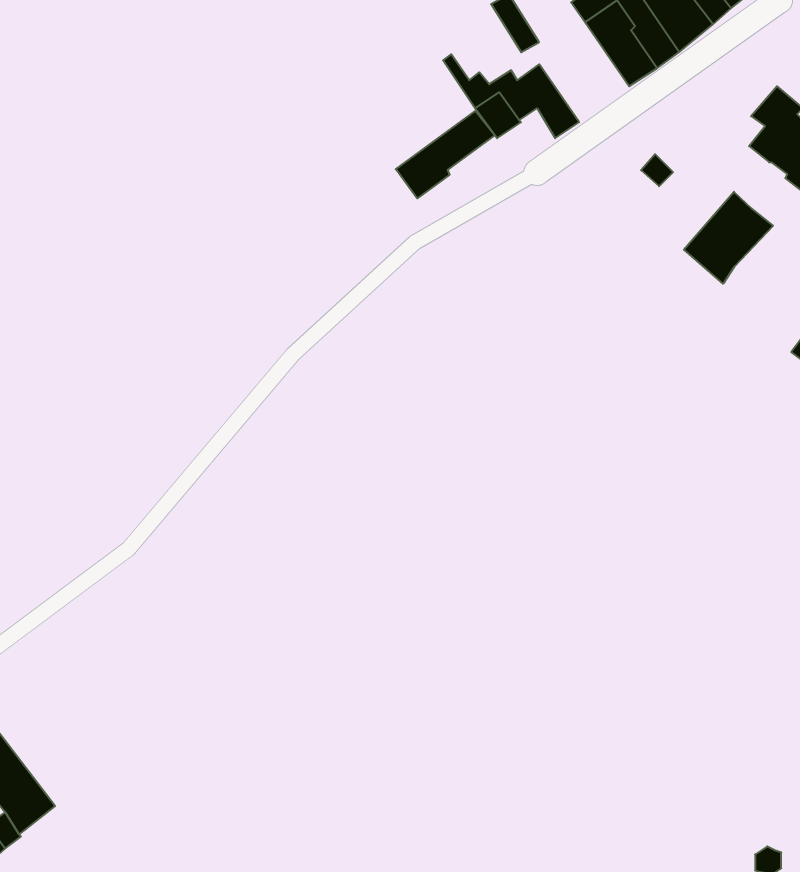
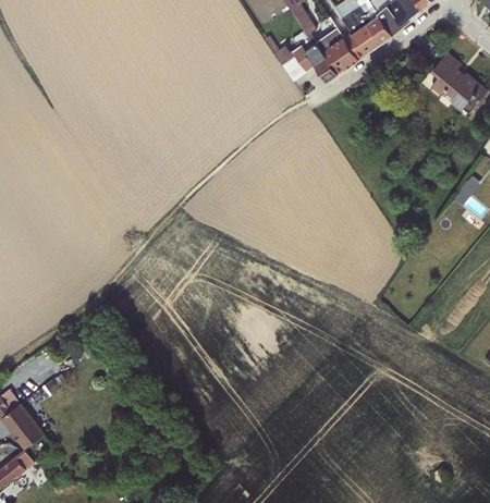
building: none -> [317,26,359,72]
building: [396,111,495,198] -> none
building: [684,192,773,284] -> none

